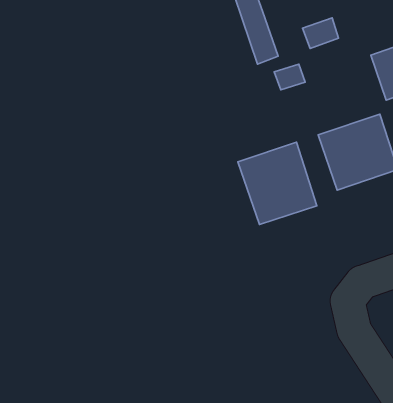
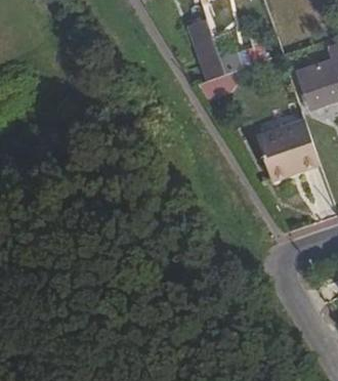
building: [238,142,317,225] -> none

